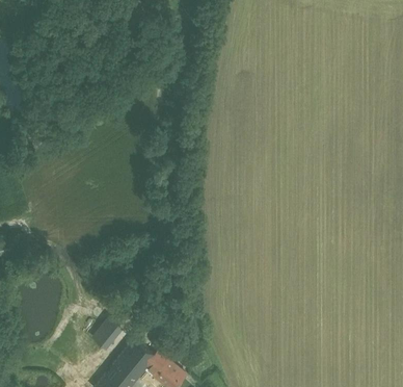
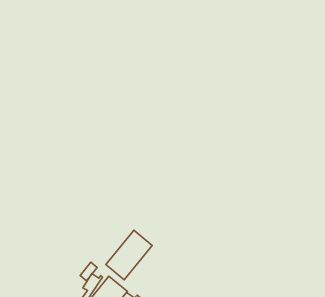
building: none -> [106,230,152,280]

